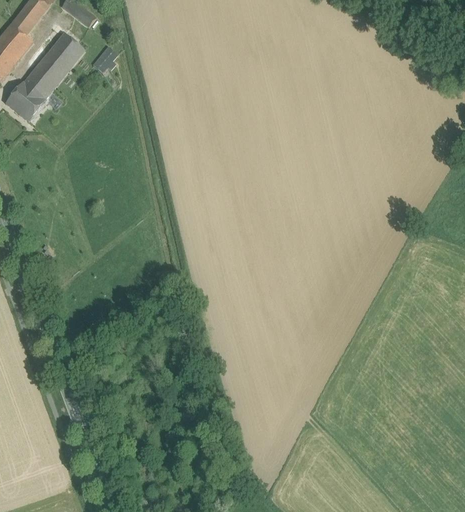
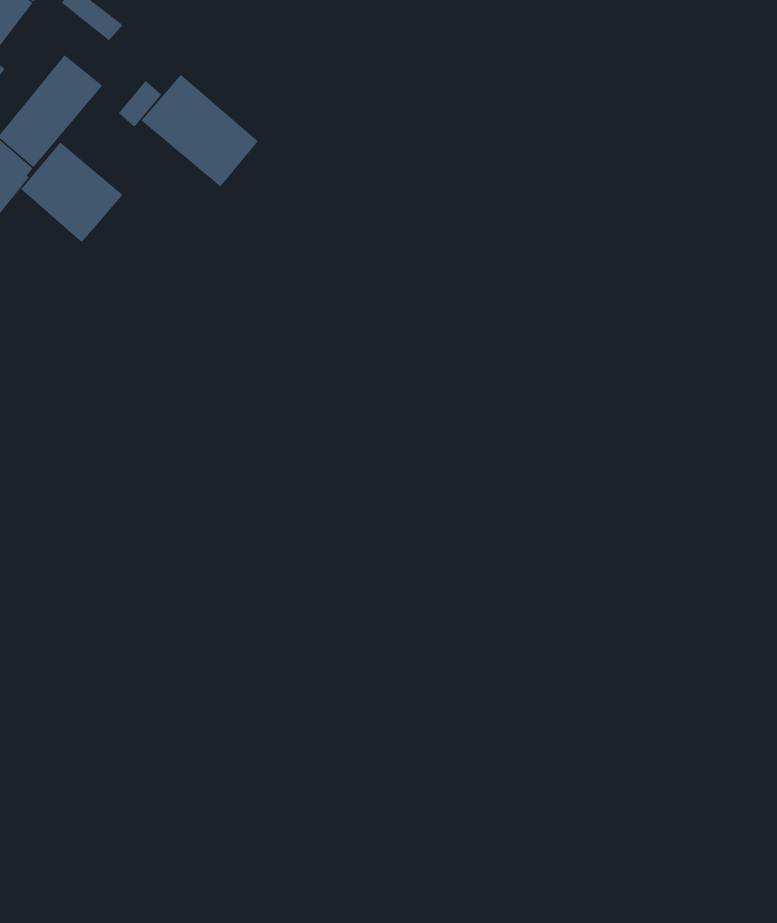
building: none -> [140,74,259,187]
building: none -> [20,141,124,243]

